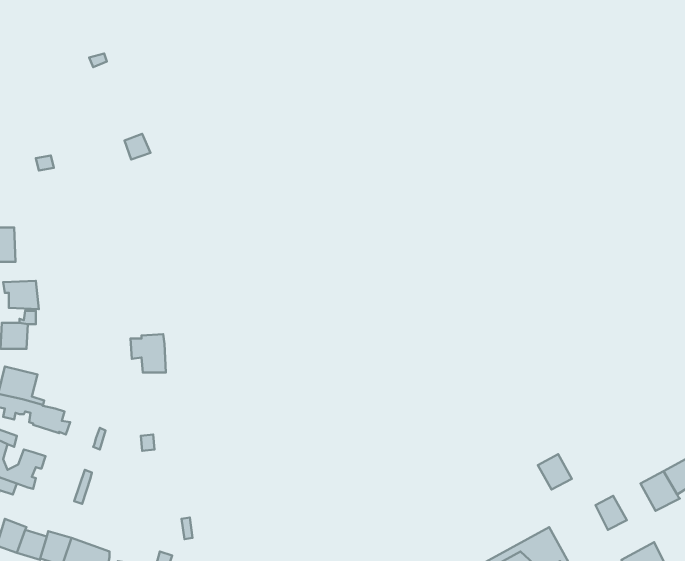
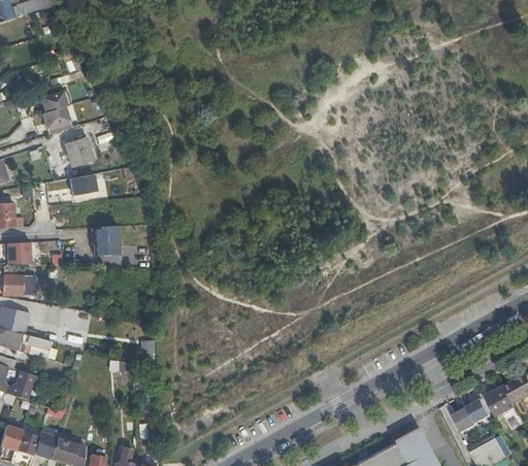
building: none -> [38,84,72,134]
building: none -> [65,136,93,166]
building: none -> [71,173,97,193]
building: [131,334,166,372] -> [93,226,120,255]
building: [538,454,572,490] -> [467,397,493,424]

